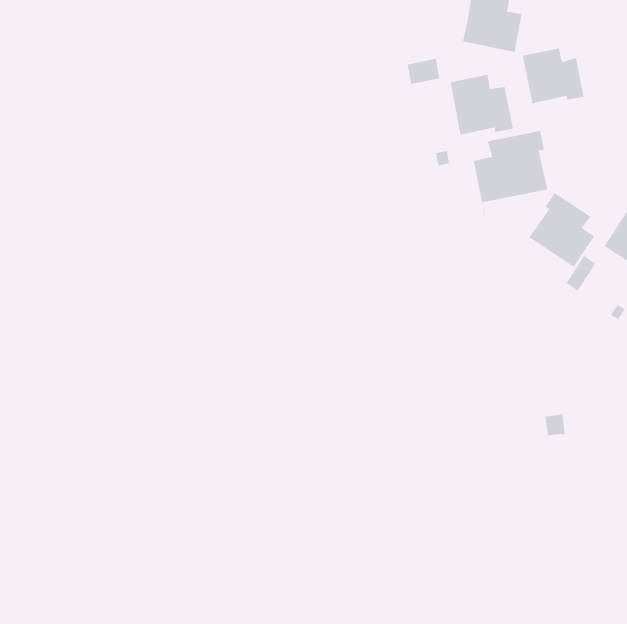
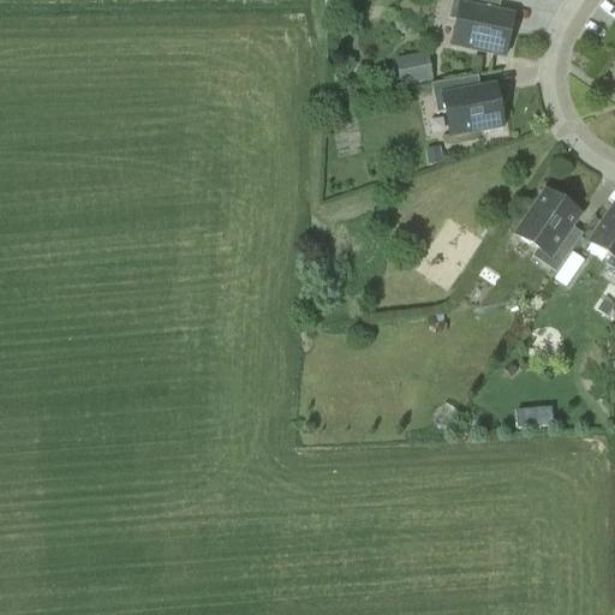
building: [511,48,584,104] -> none
building: [473,130,548,215] -> none

